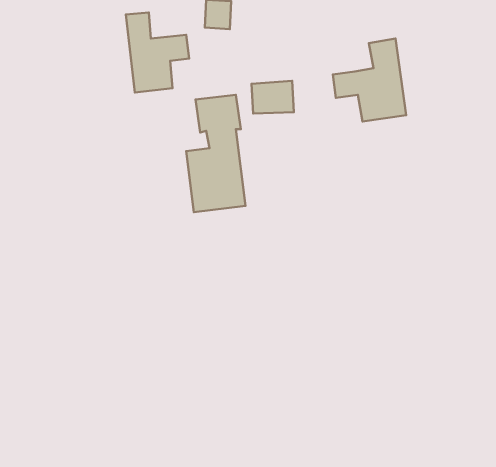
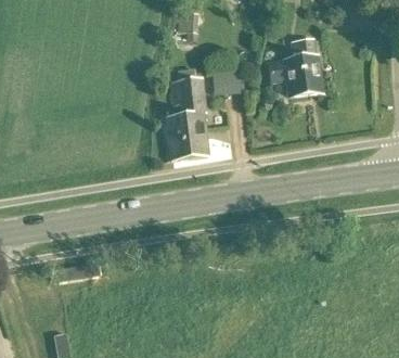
building: [126,13,189,93] -> none

